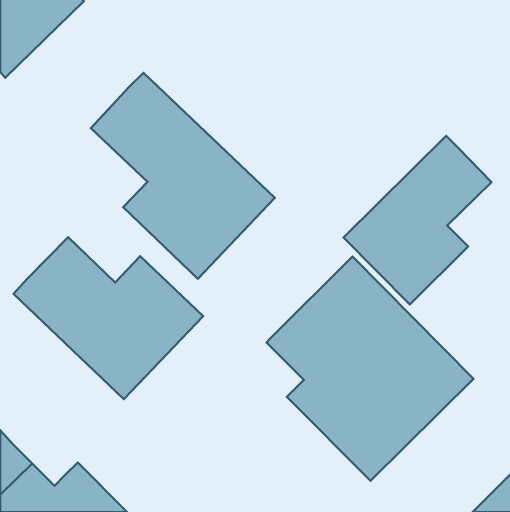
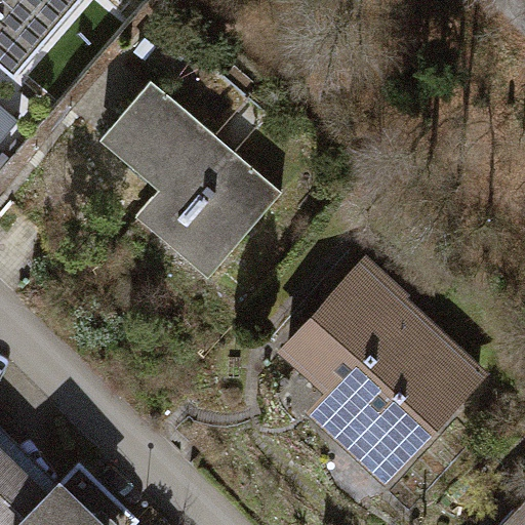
building: [344,136,491,305] -> none
building: [14,237,203,399] -> none

